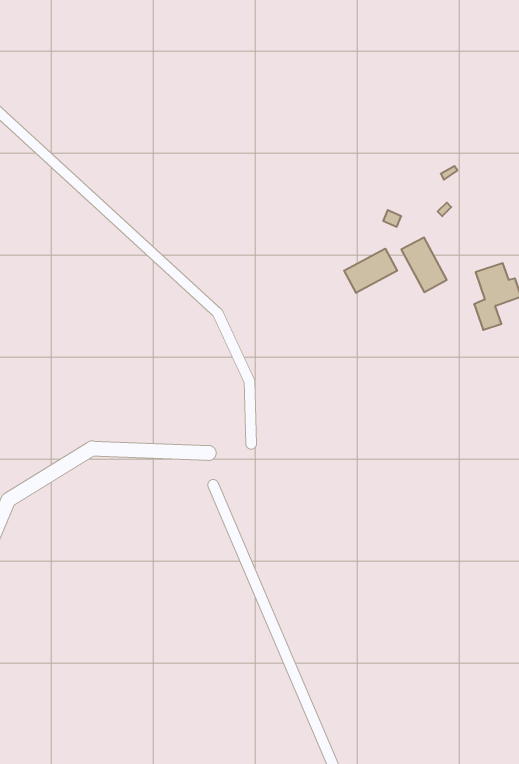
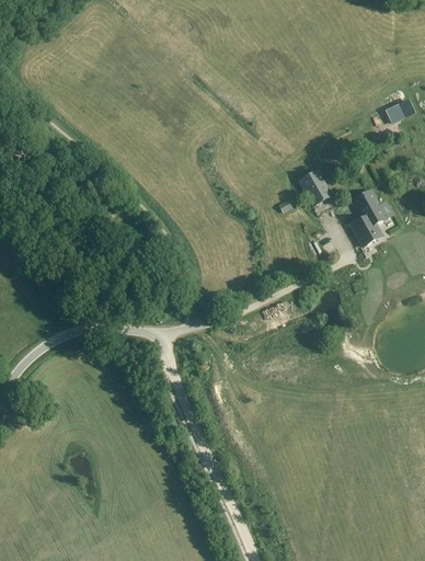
building: [344,249,397,293] -> none

